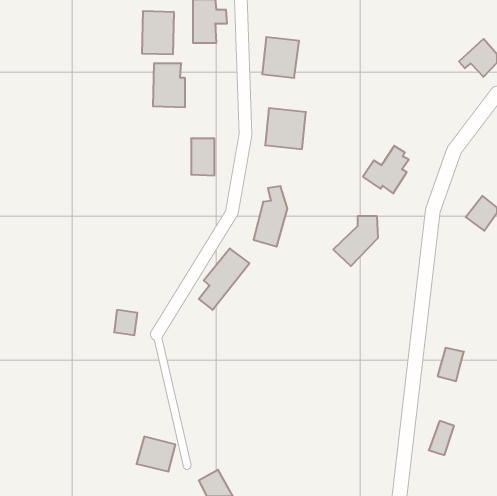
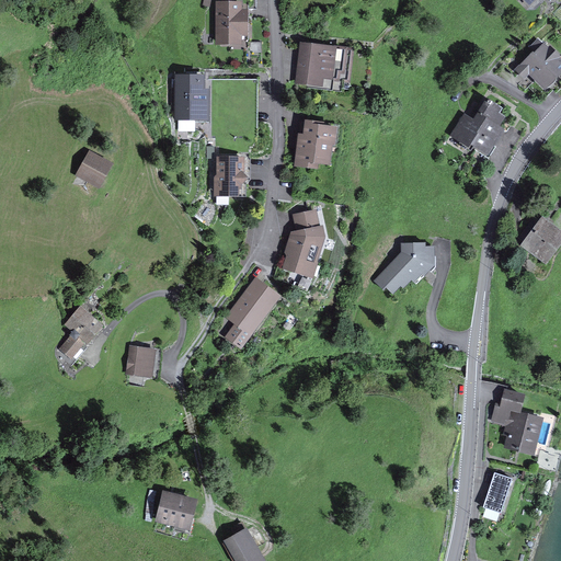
building: [142,11,174,54] -> none
building: none -> [78,152,108,184]
building: [363,146,409,194] -> [451,100,503,153]
building: none -> [59,308,99,357]
building: none -> [507,412,541,455]

